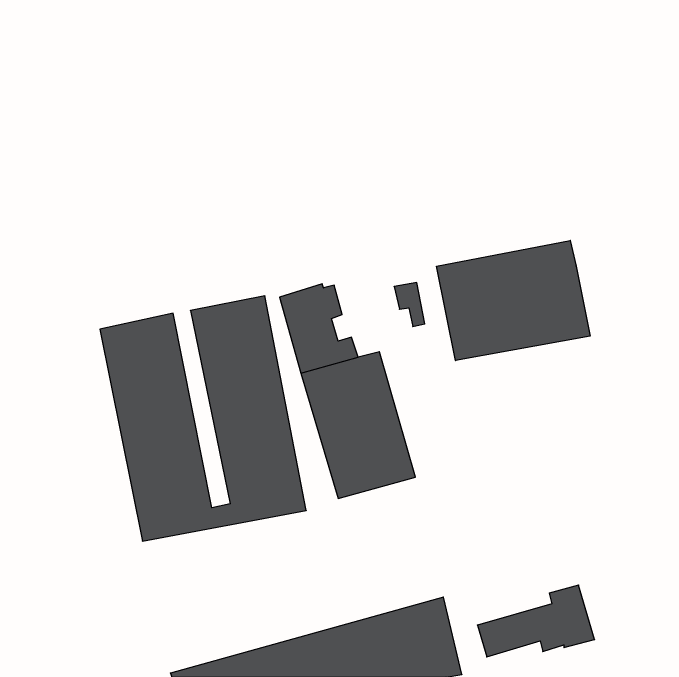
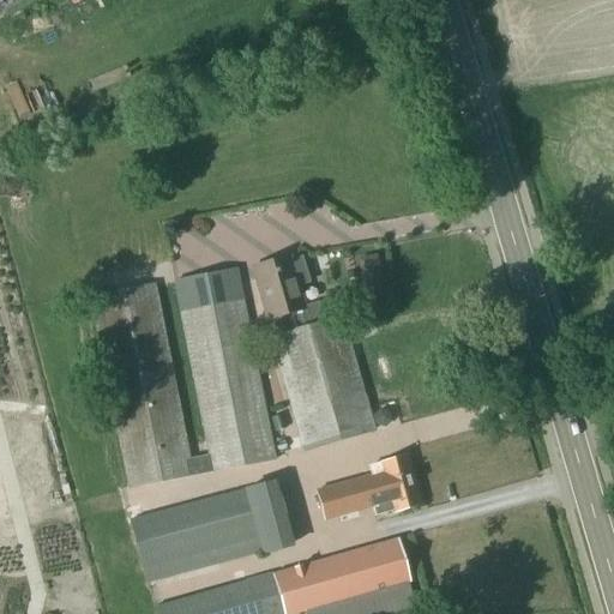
building: [437,240,590,361] -> none
building: none -> [131,480,295,579]
building: [477,585,595,657] -> [318,455,423,519]

